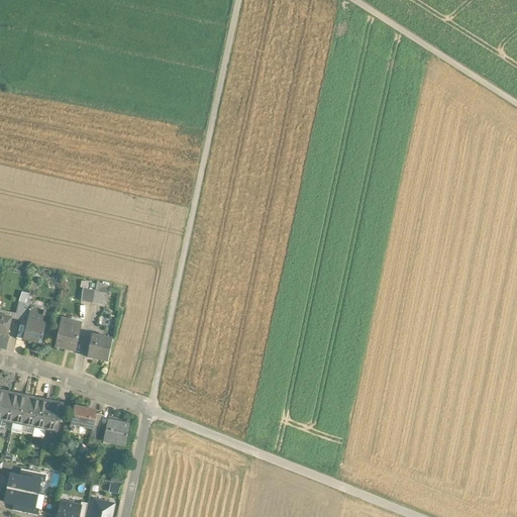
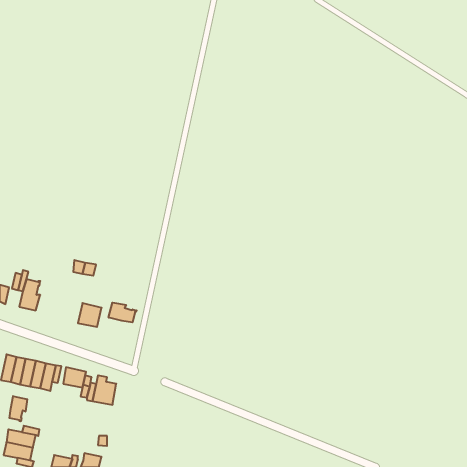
building: [55,318,80,348] -> none
building: none -> [109,303,137,322]
building: none -> [9,396,27,421]

